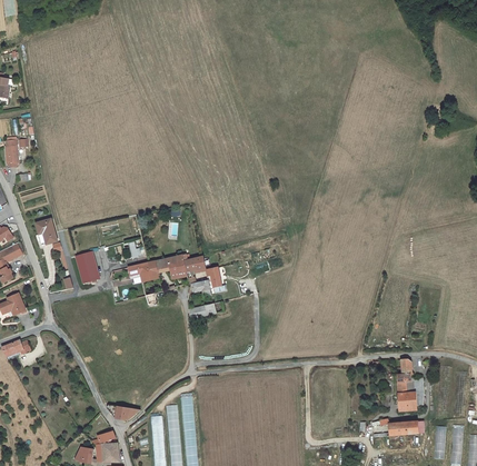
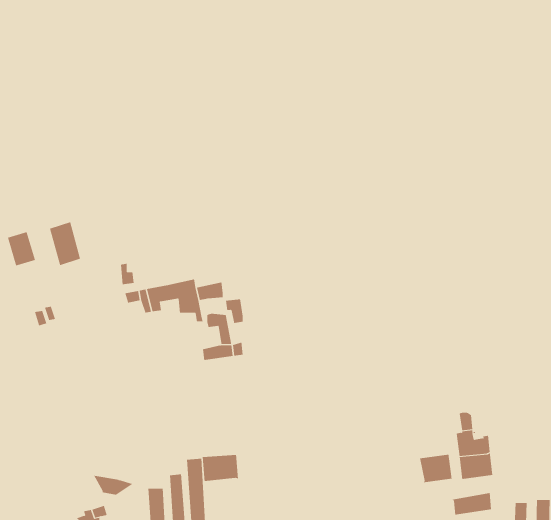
building: [77,249,101,284] -> [49,221,81,266]
building: none -> [420,454,452,483]
building: none -> [202,454,239,482]

